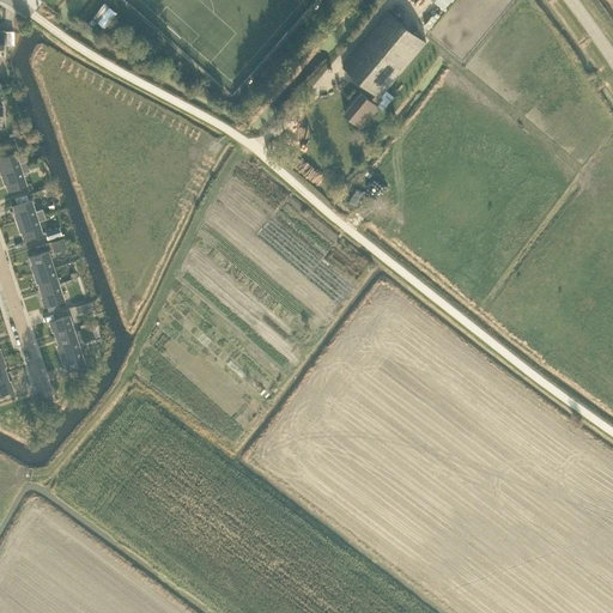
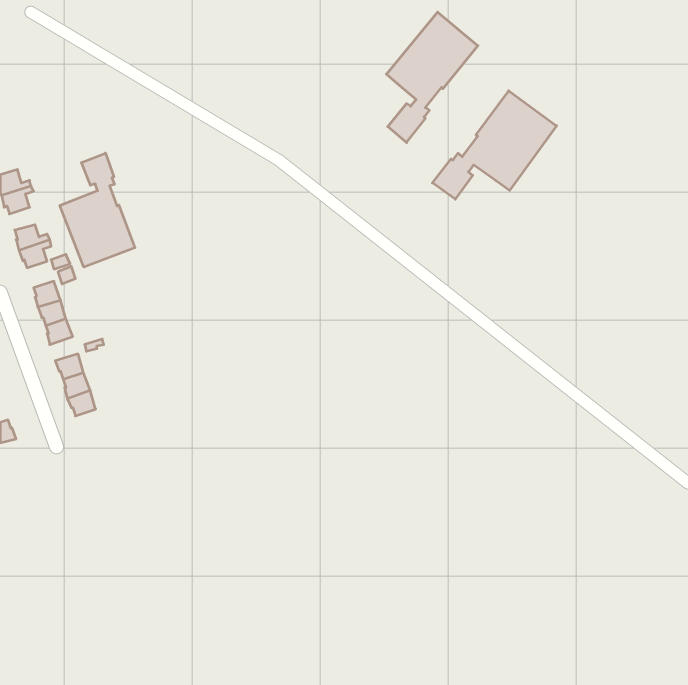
building: none -> [432,91,557,199]
building: none -> [60,153,135,267]

